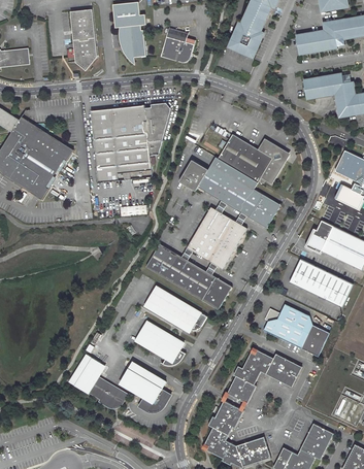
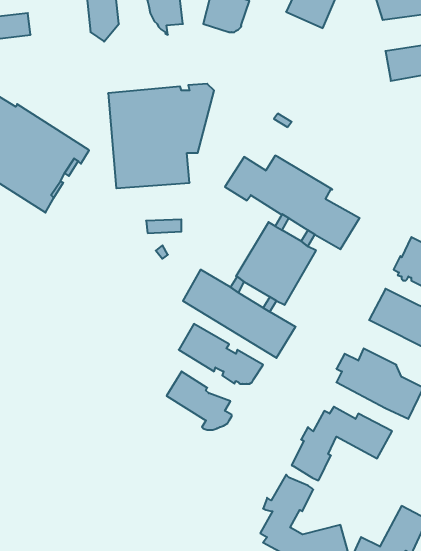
building: [218,133,291,183] -> none
building: [67,356,125,408] -> none
building: [119,362,170,411] -> none

